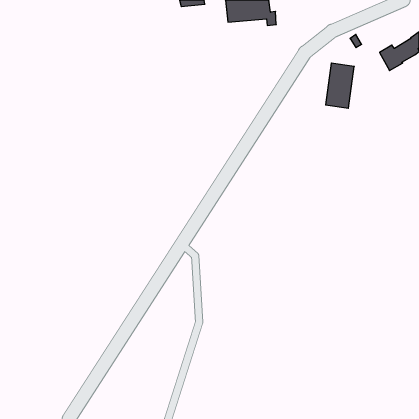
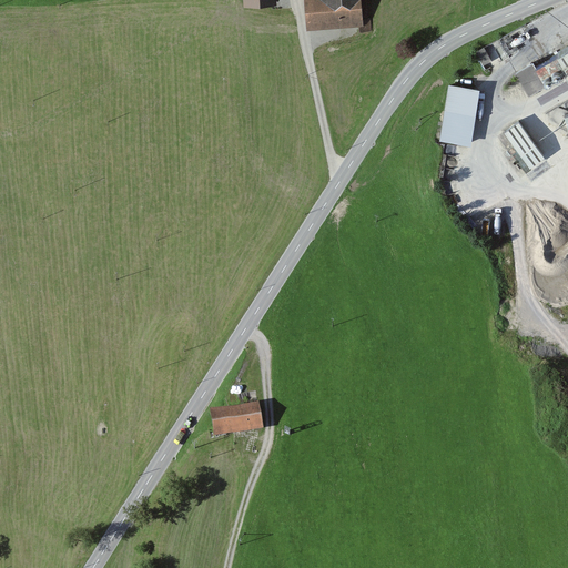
building: none -> [501,120,546,169]
building: none -> [210,406,261,436]

